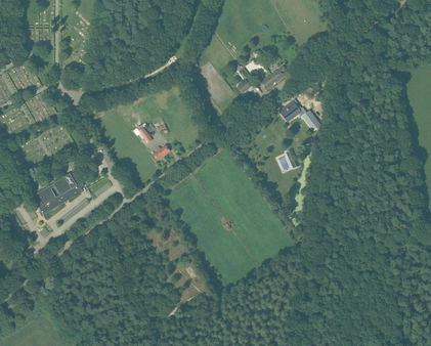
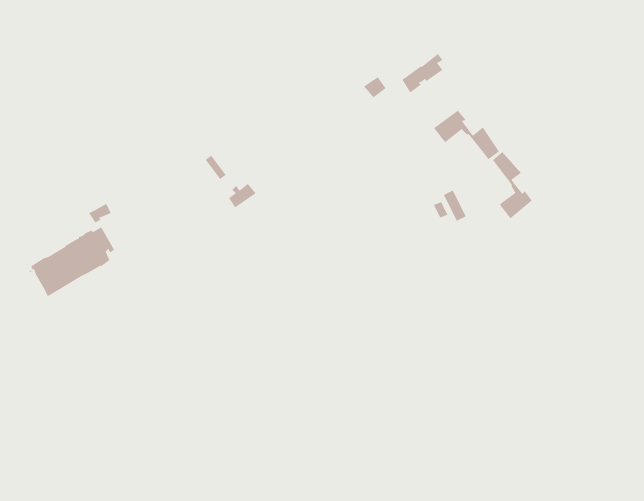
building: none -> [492,151,532,219]

